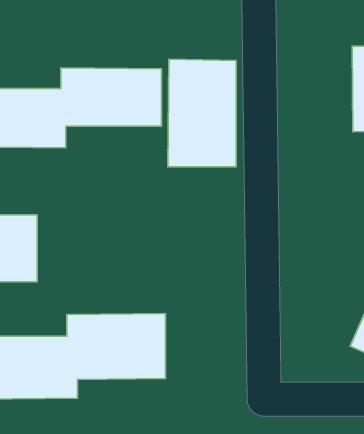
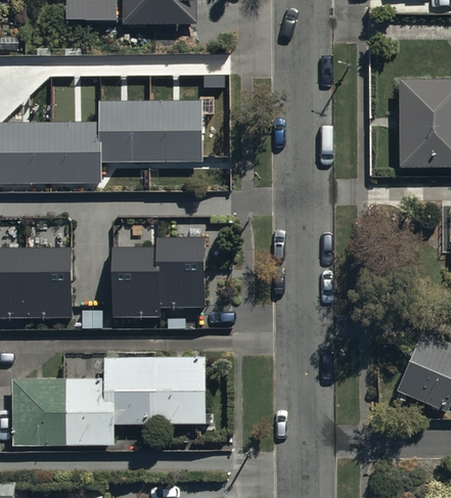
building: [168,59,236,167] -> none
building: none -> [111,240,206,322]

